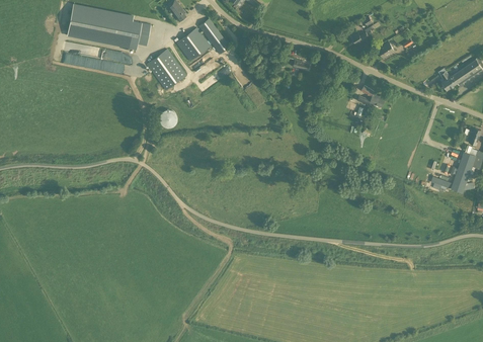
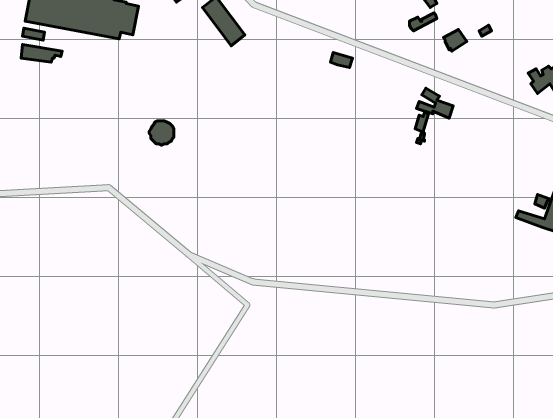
building: [175,27,210,61] -> none
building: [146,49,185,89] -> none

